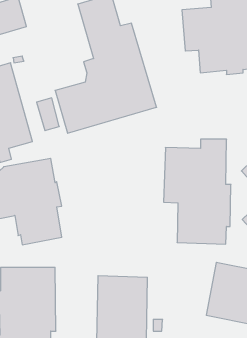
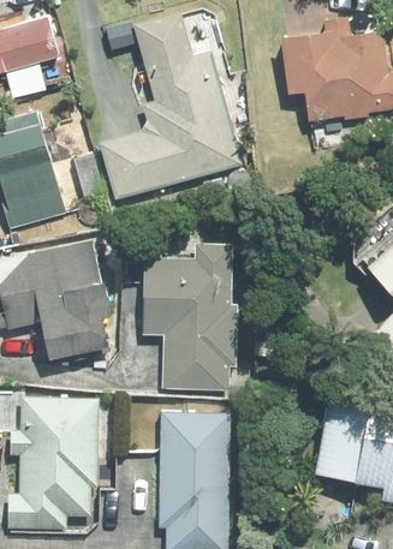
building: [164,139,231,244] -> [142,245,238,395]

